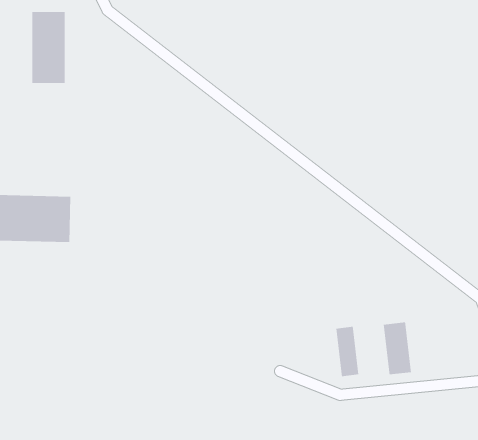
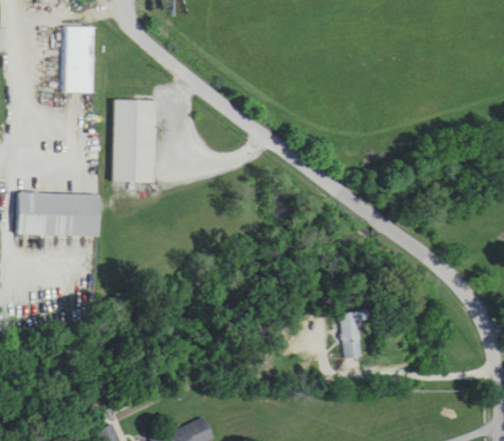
building: none -> [112,100,155,182]
building: [383,322,411,375] -> none

